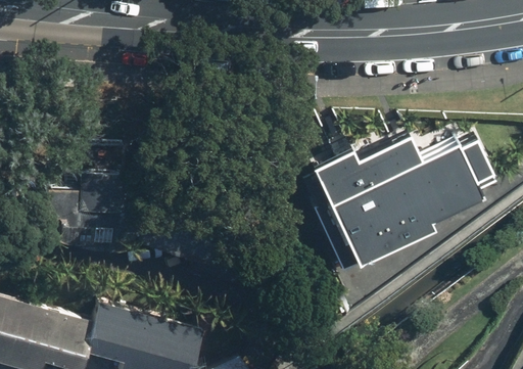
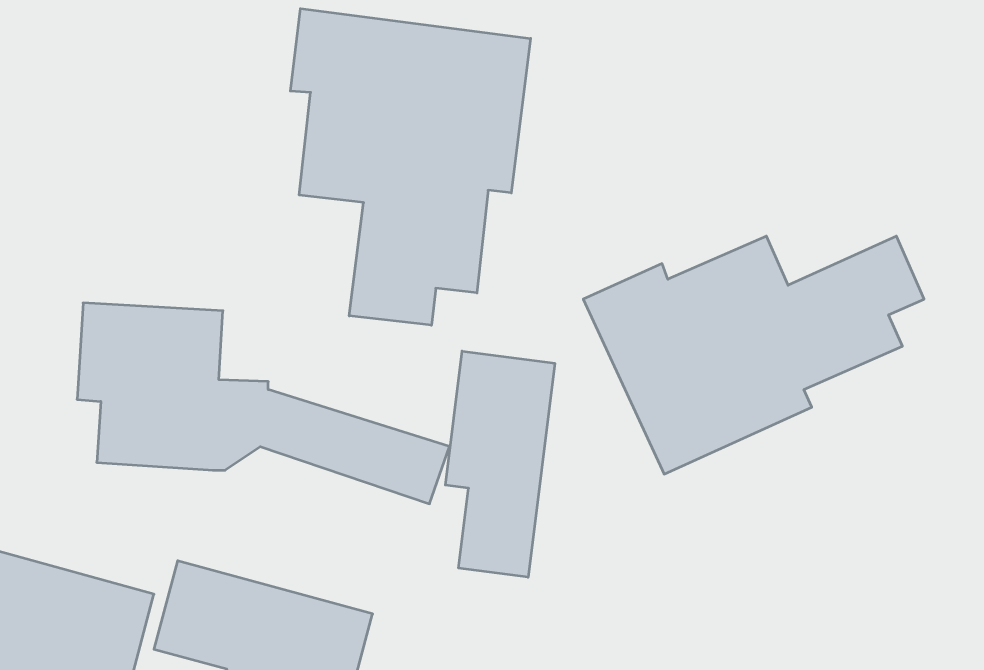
building: none -> [290,9,531,325]
building: none -> [445,351,555,577]

